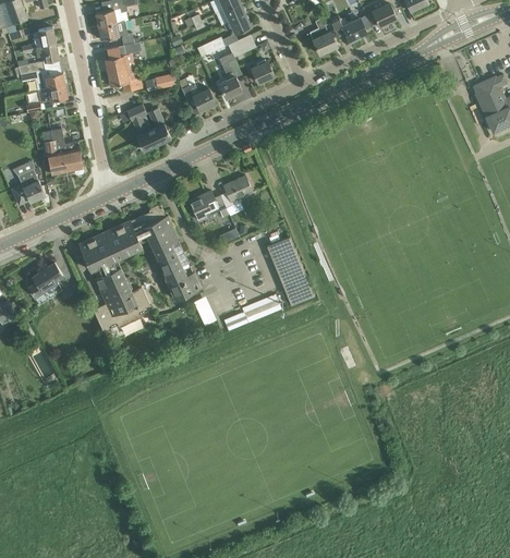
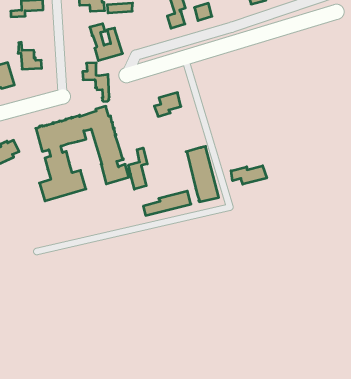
building: [181,83,215,111] -> none
building: [46,129,83,174] -> [83,63,109,101]
building: [190,191,226,220] -> none
building: none -> [129,148,147,189]
building: none -> [231,166,267,184]

